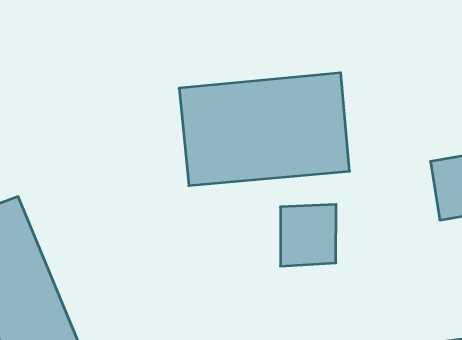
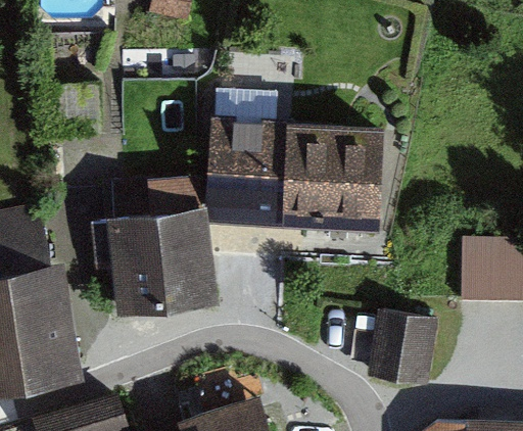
building: none -> [105,210,217,317]
building: [280,204,336,266] -> [369,313,435,378]

